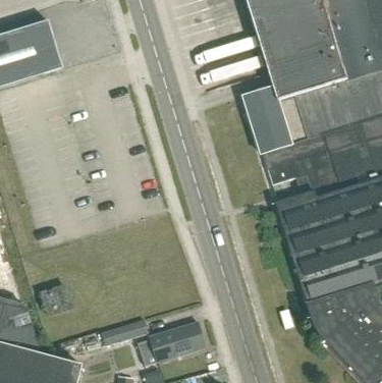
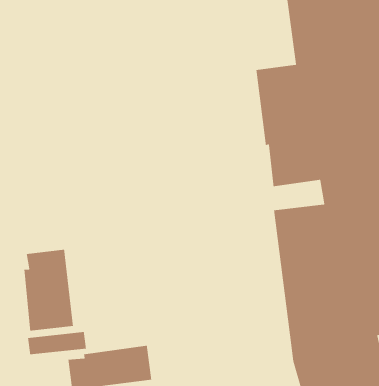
building: none -> [23,249,74,331]

